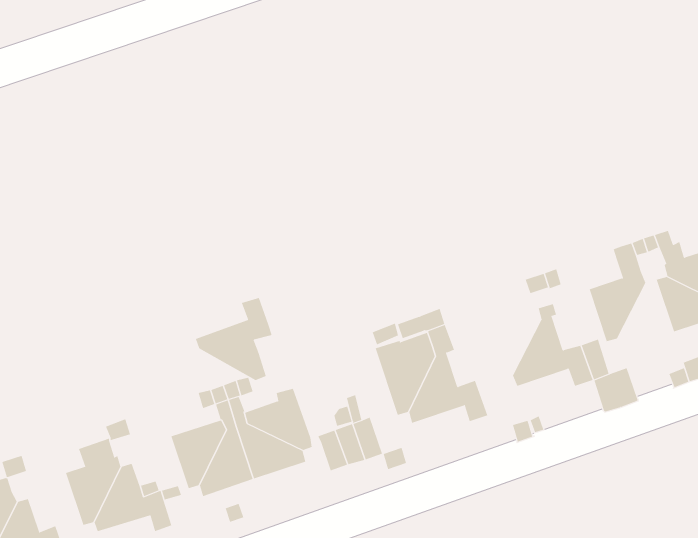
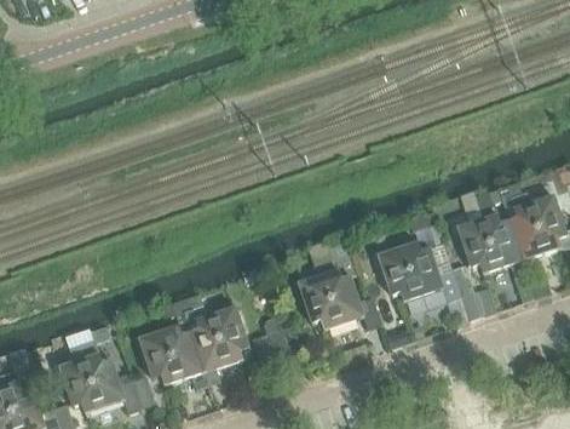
building: none -> [479,221,522,274]
building: [195,297,272,381] -> none
building: none -> [379,242,421,296]

